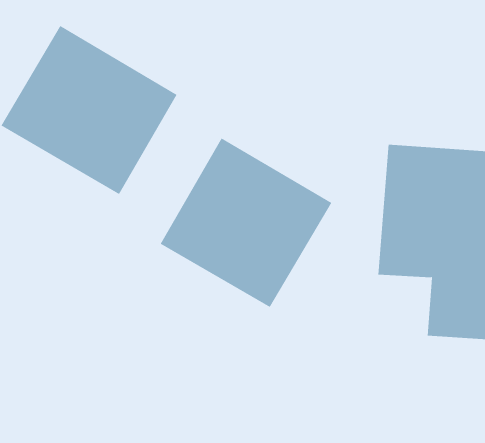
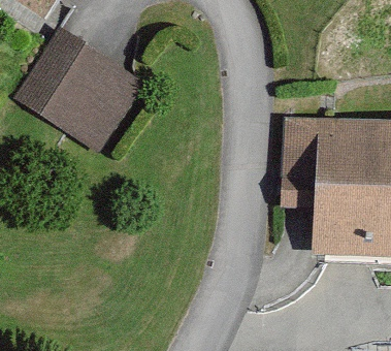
building: [160,137,332,308] -> none

